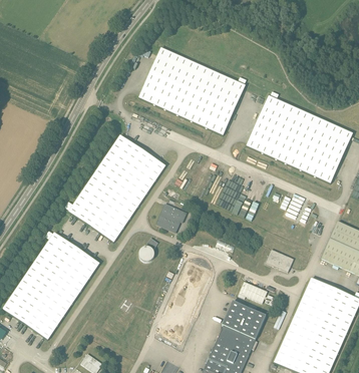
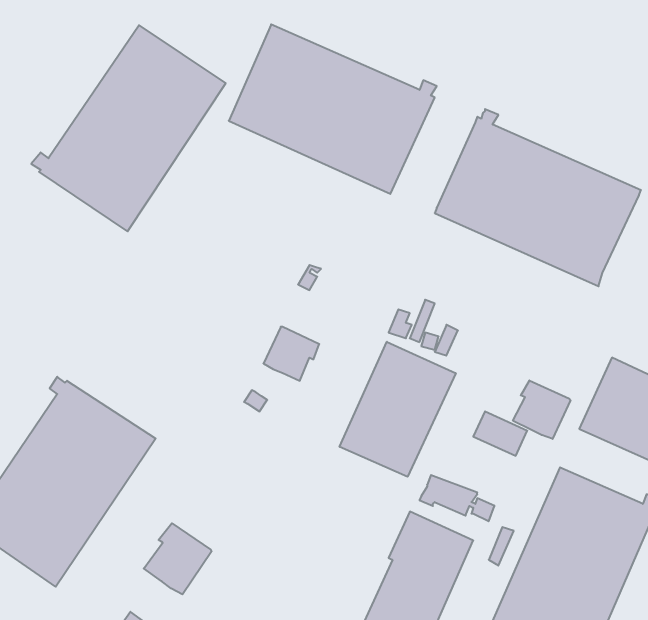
building: [64,134,165,242] -> [31,25,226,231]
building: none -> [340,342,456,477]
building: none -> [513,380,570,439]
building: none -> [144,523,212,594]

